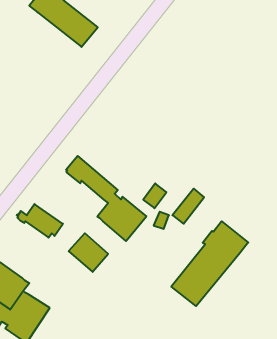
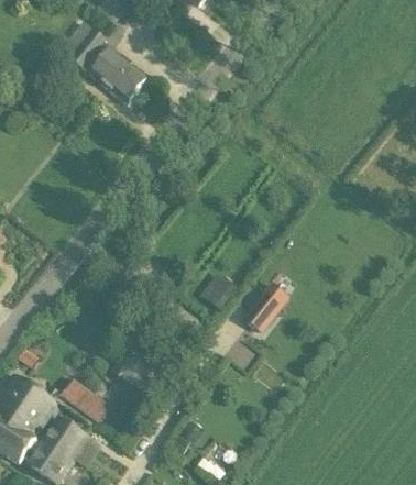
building: [66,156,146,241] -> none
building: [17,204,63,238] -> [51,383,110,426]
building: [171,221,248,306] -> none

